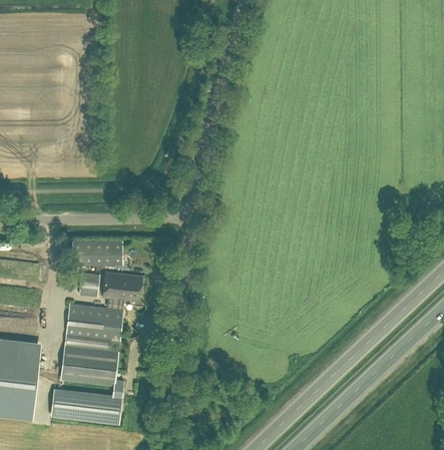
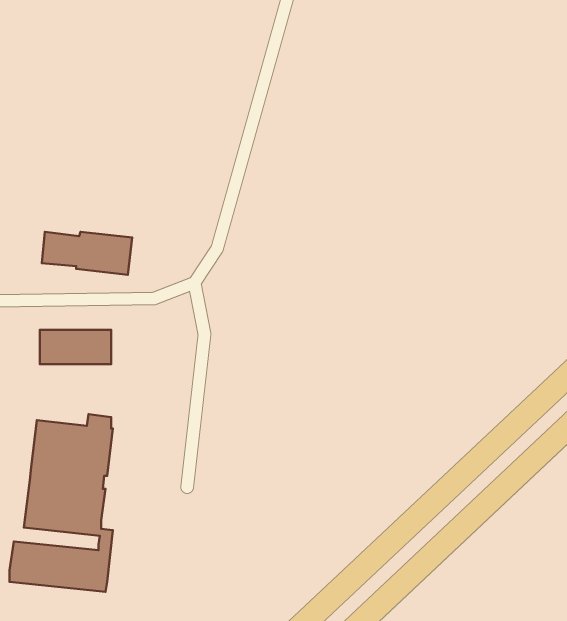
building: [79,273,142,303] -> [42,232,132,275]

